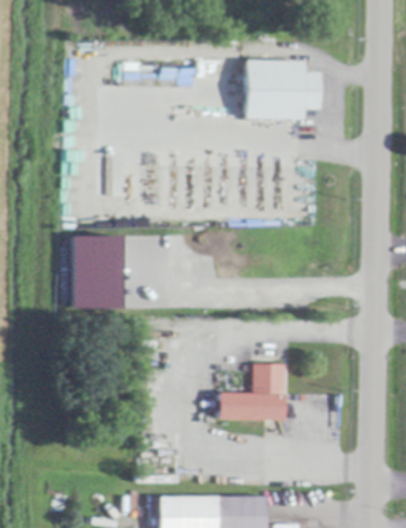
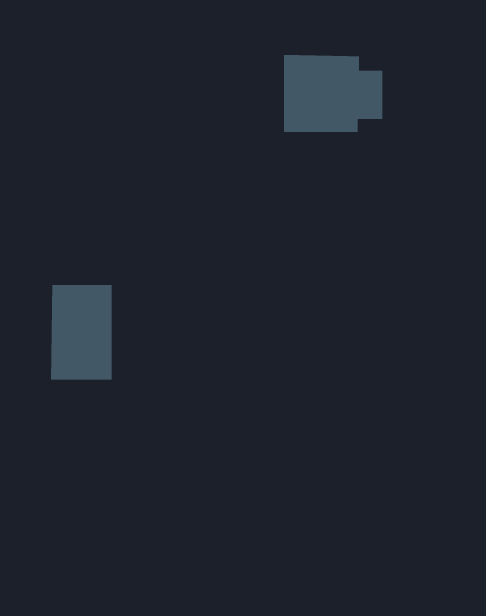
building: [219,364,285,420] -> none

